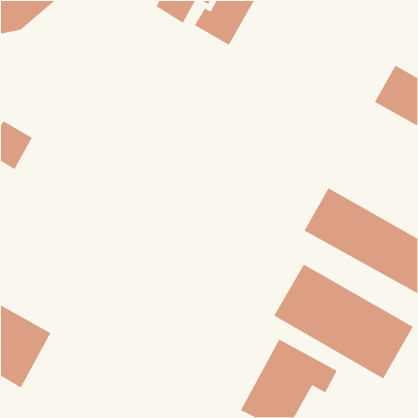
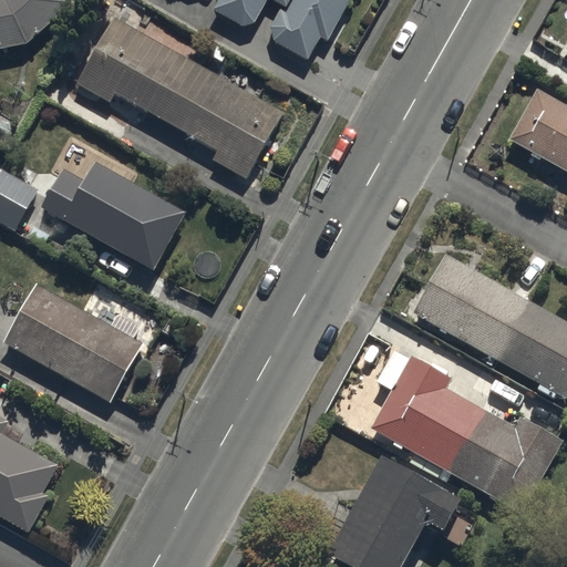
building: none -> [81,14,286,173]
building: none -> [44,162,176,269]
building: none -> [8,285,146,402]

